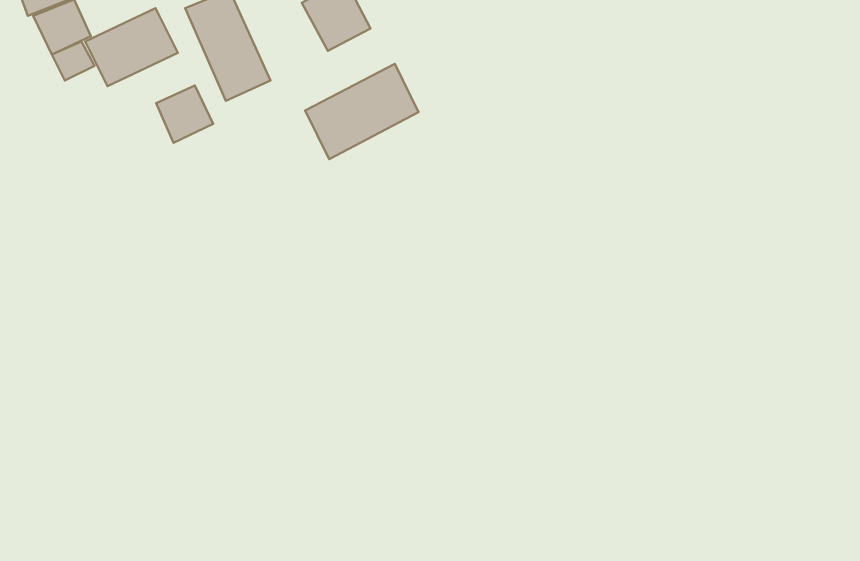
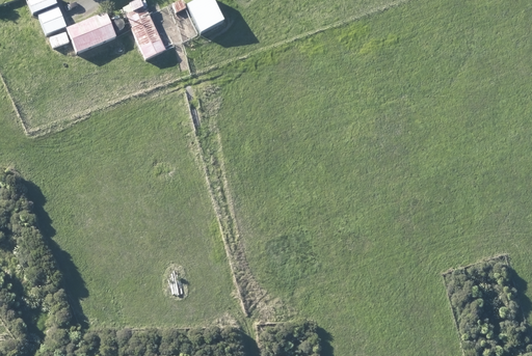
building: [305,64,419,159] -> none
building: [156,86,213,143] -> none

